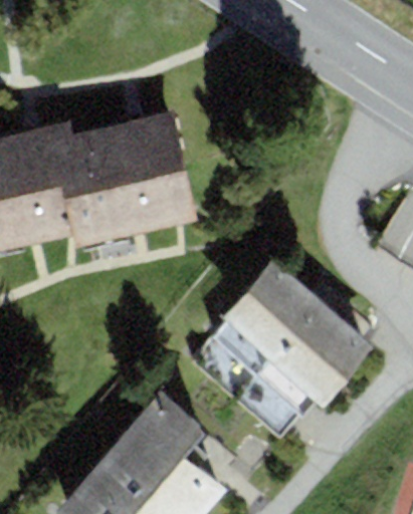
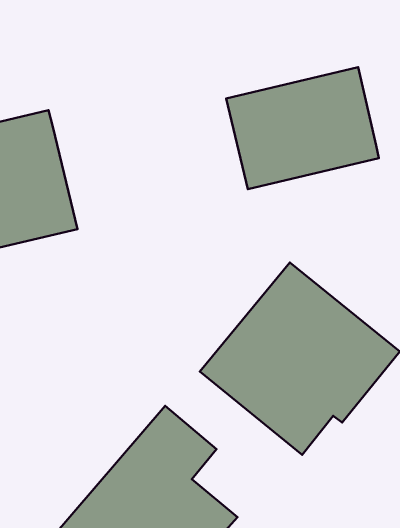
building: none -> [226,67,379,189]
building: [59,114,194,245] -> none

